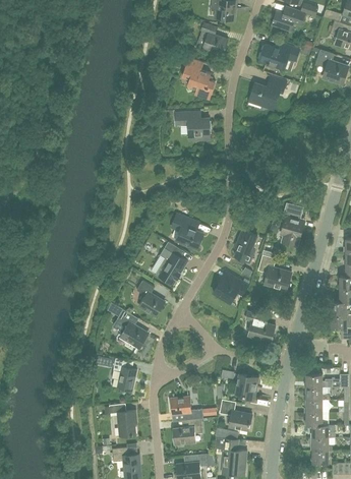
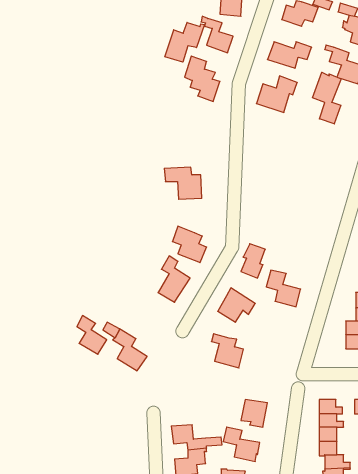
building: none -> [165,22,204,62]
building: none -> [313,72,341,124]
building: [175,112,210,141] -> [164,167,202,199]
building: [281,216,304,246] -> none
building: [136,281,164,316] -> [77,316,107,354]
building: [245,311,275,343] -> [211,334,243,368]
building: [113,358,136,392] -> none
building: [109,405,135,437] -> none

